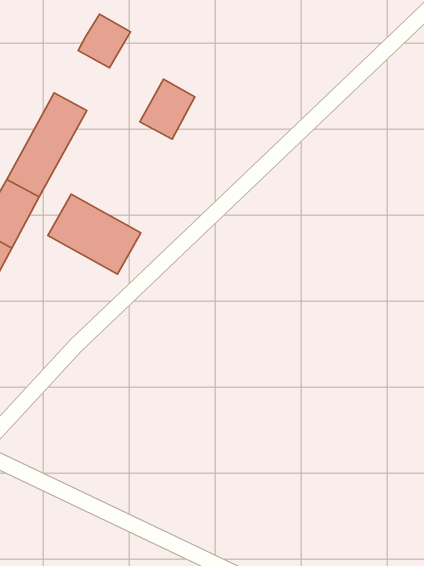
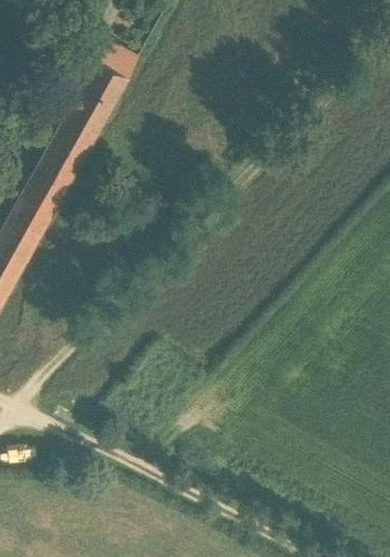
building: [140,79,195,139] -> [62,85,110,138]
building: [48,194,141,274] -> none

